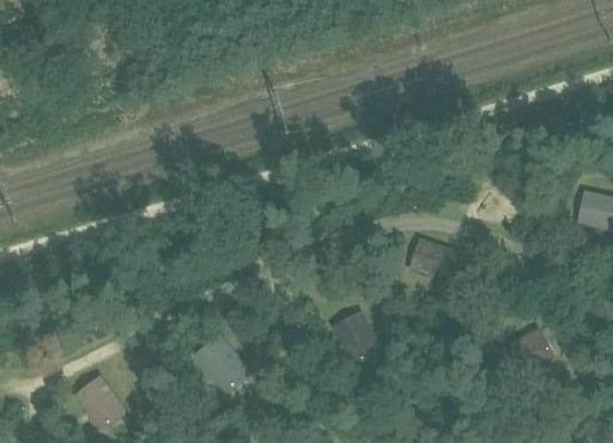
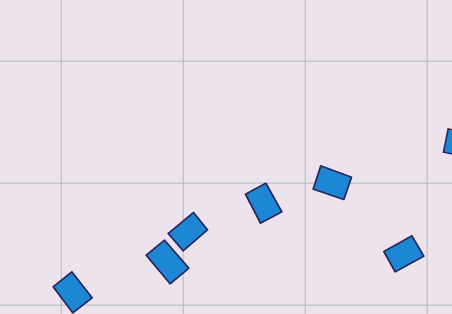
building: none -> [168,212,208,251]
building: [334,312,381,364] -> [246,183,282,223]

